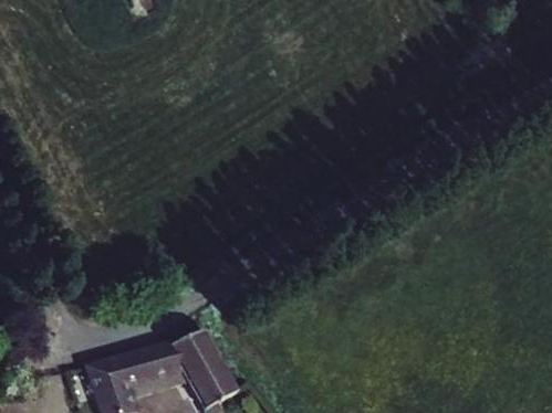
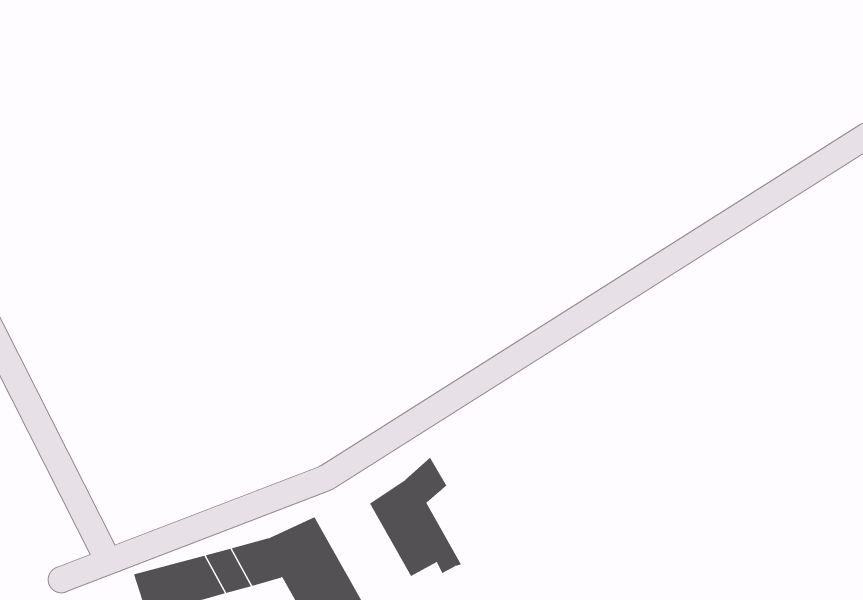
building: none -> [369,457,462,577]

